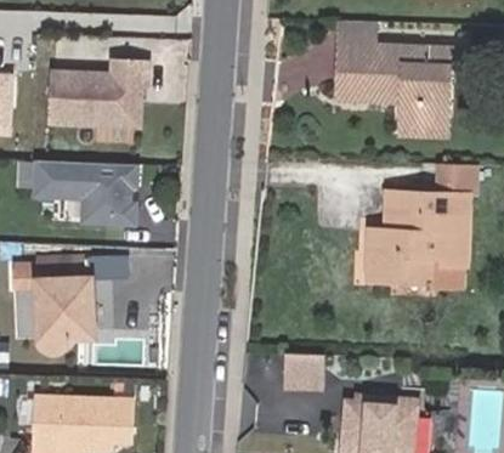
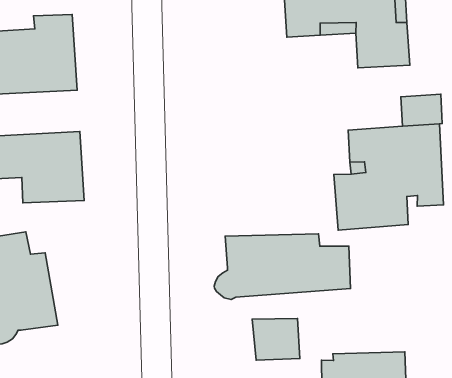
building: none -> [214,234,350,300]

